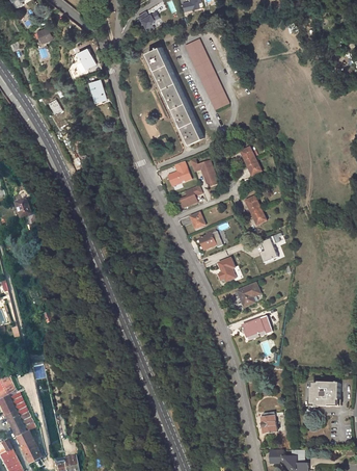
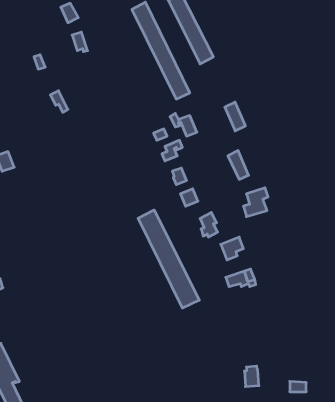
building: none -> [138,210,199,308]
building: [312,383,340,407] -> none

